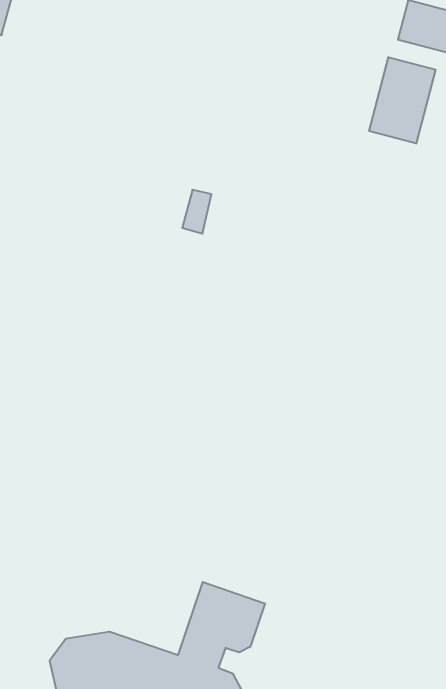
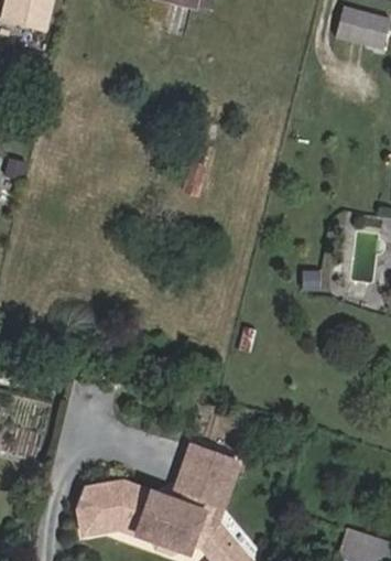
building: [369,57,436,144] -> none

